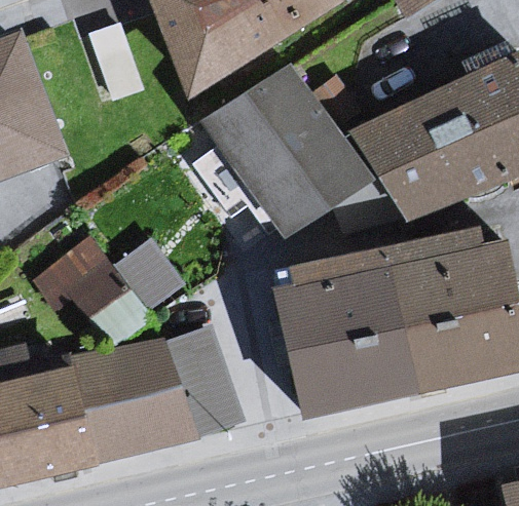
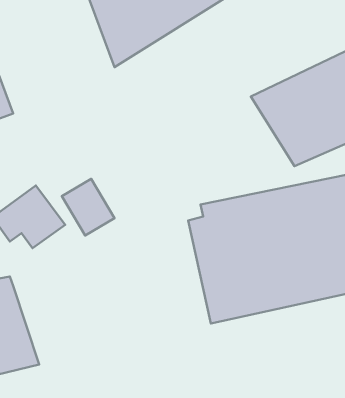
building: [200,63,373,240] -> none
building: [62,328,246,463] -> none

